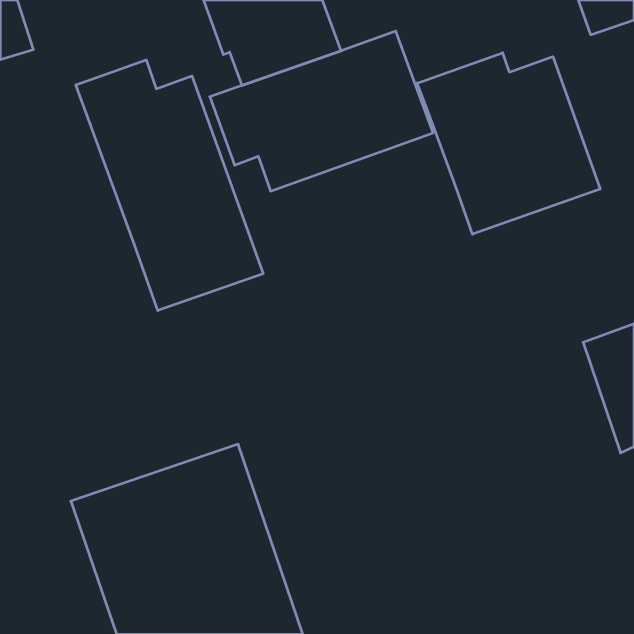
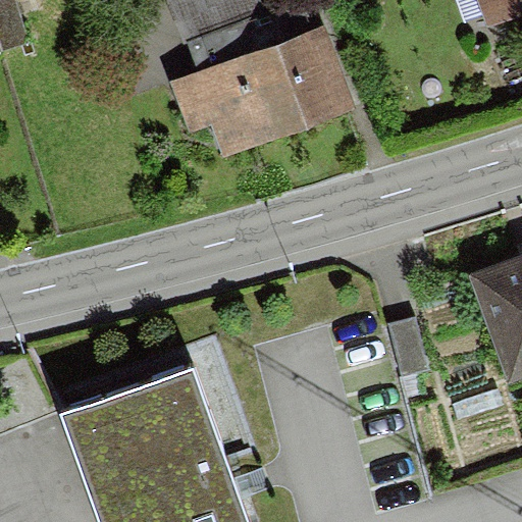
building: [417,53,600,234] -> none
building: [76,60,263,311] -> none

